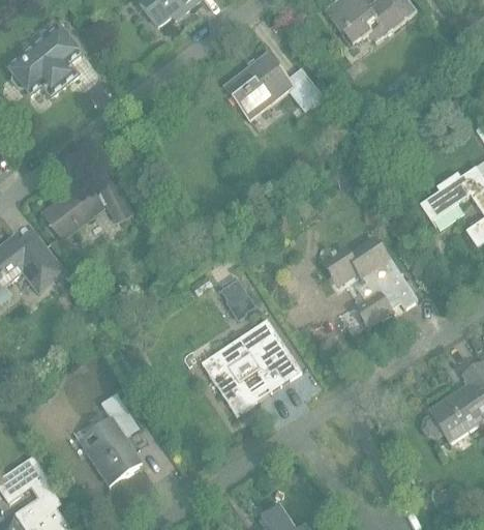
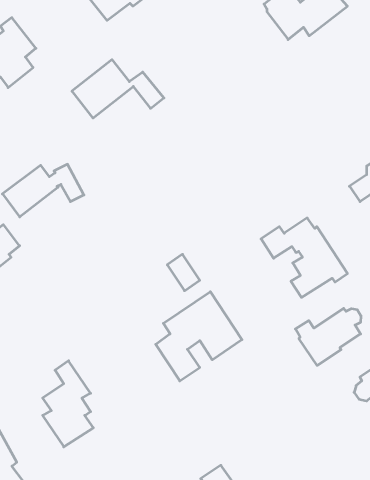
building: [224,55,324,118] -> [72,60,164,118]
building: none -> [295,308,361,365]

